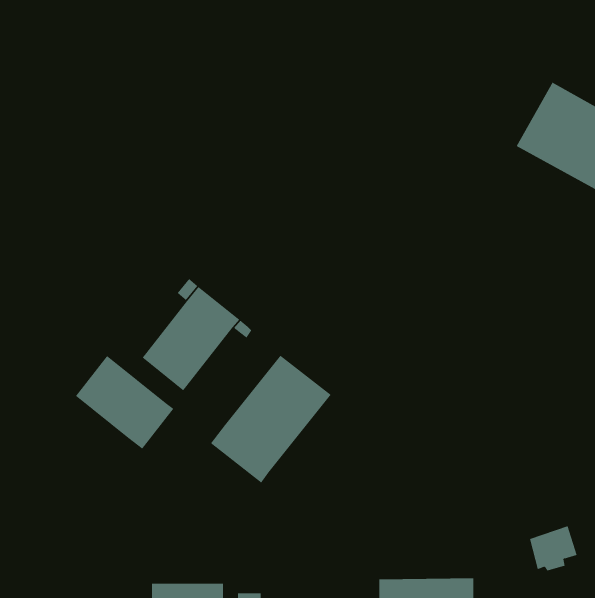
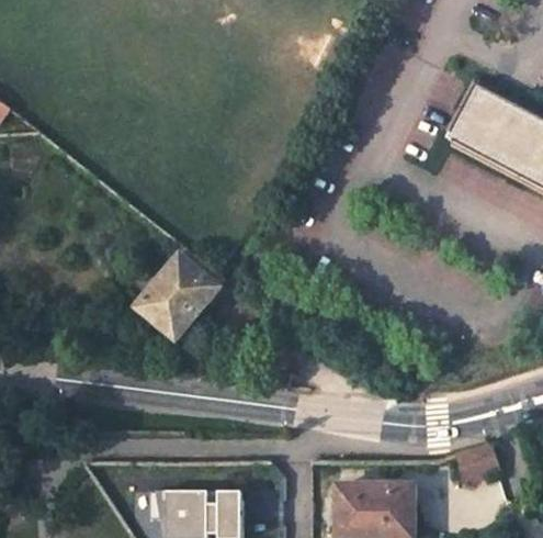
building: [210,355,331,483] -> none
building: [75,355,174,449] -> none

